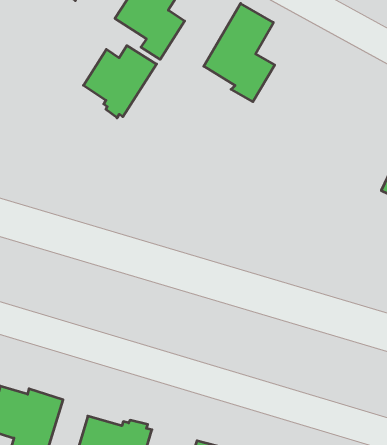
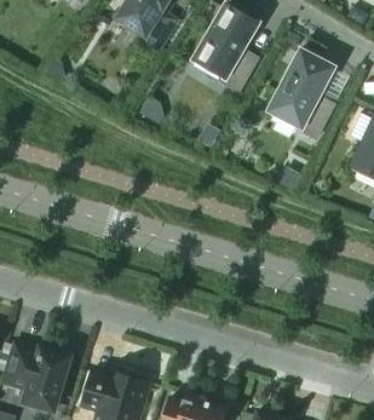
building: [83,46,157,118] -> none
building: none -> [270,48,333,139]

